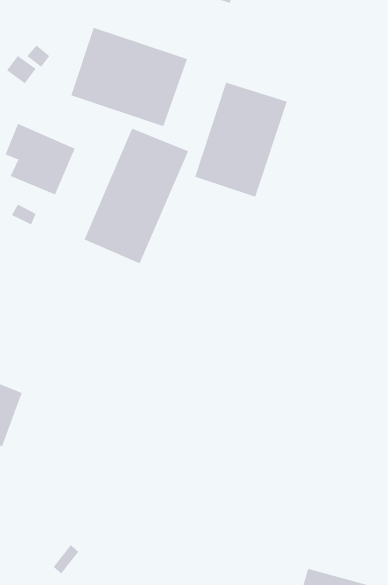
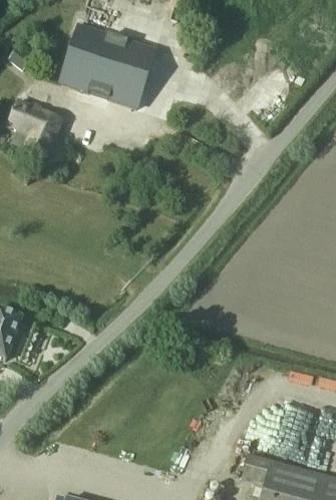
building: [194,82,287,197] -> none
building: [84,128,189,264] -> none

